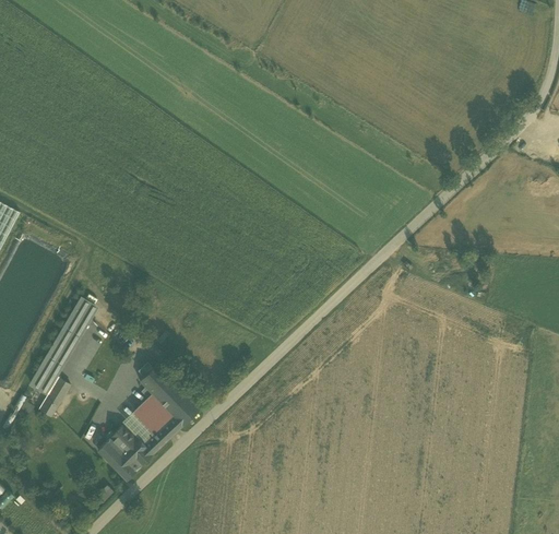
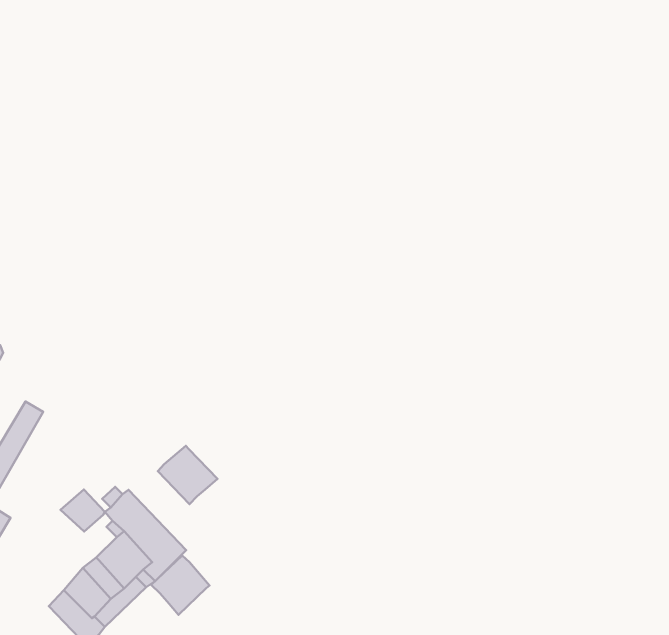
building: none -> [158,446,217,504]
building: none -> [60,490,105,532]
building: none -> [151,555,210,615]

